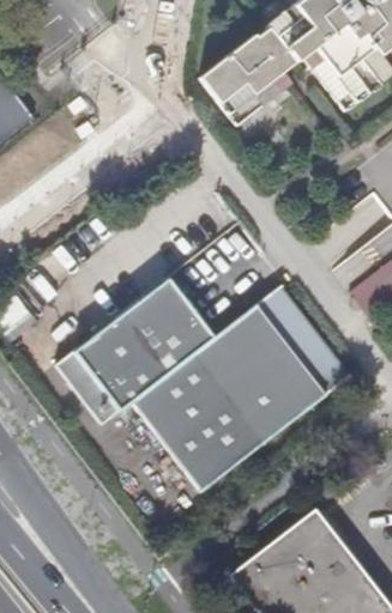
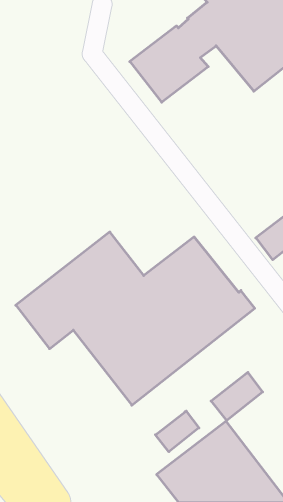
building: none -> [211,372,263,421]
building: none -> [155,411,199,452]

